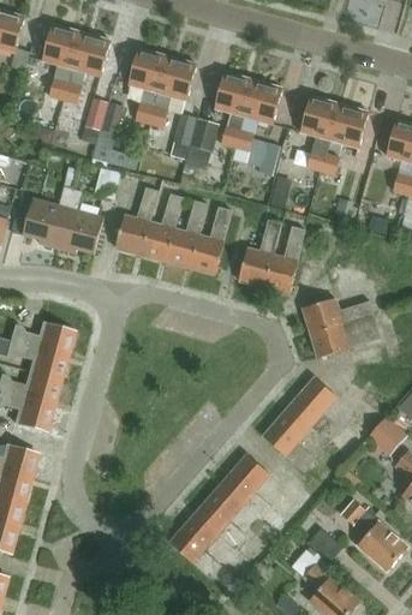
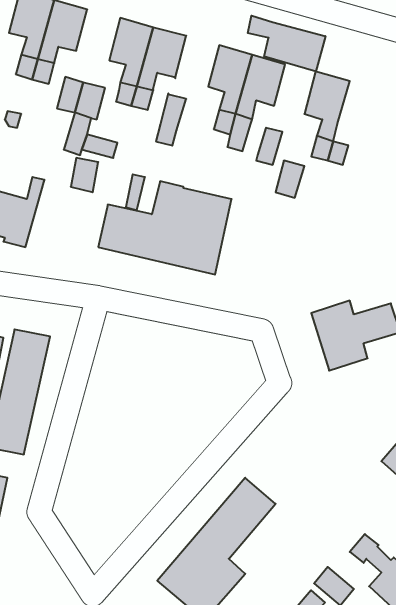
building: none -> [248,16,325,72]
building: [328,103,368,149] -> none
building: [183,119,217,169] -> none
building: [55,190,101,253] -> none
building: [240,217,311,293] -> none
building: [264,375,341,456] -> none

